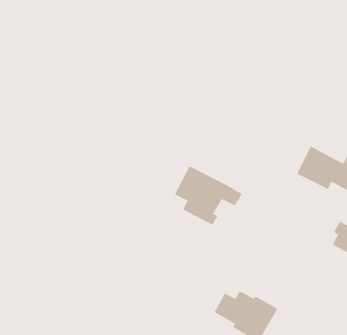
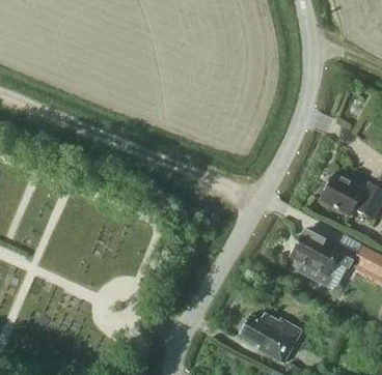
building: [174,166,243,226] -> [290,229,356,287]

